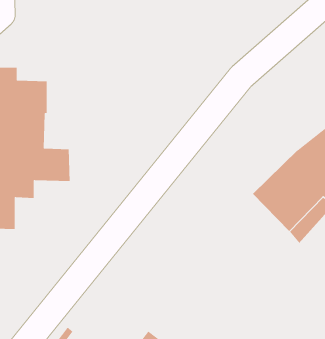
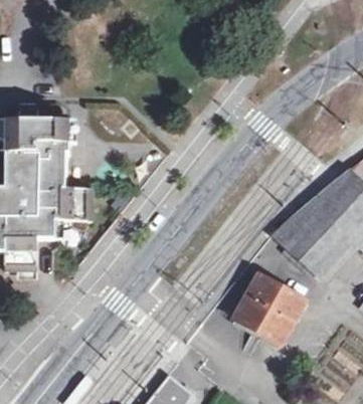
building: none -> [233,280,300,346]

